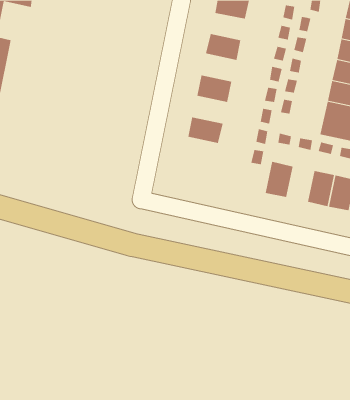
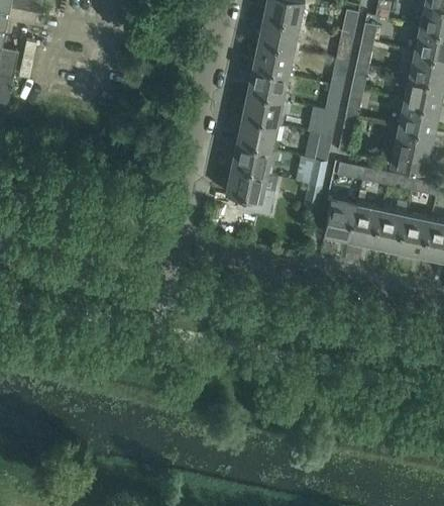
building: none -> [256,21,299,54]
building: none -> [245,70,289,103]
building: none -> [234,120,278,154]
building: none -> [224,170,273,215]
building: none -> [348,205,380,247]

